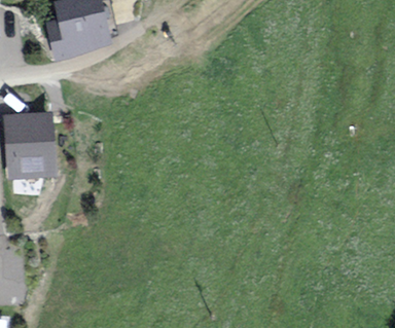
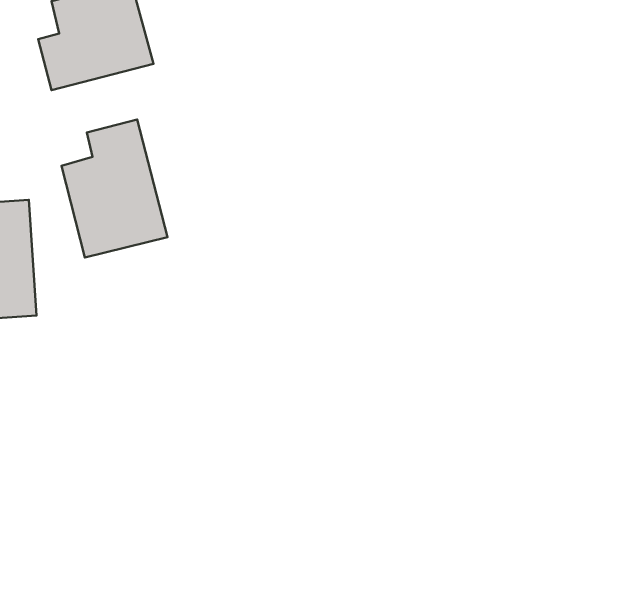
building: none -> [61,120,168,257]

